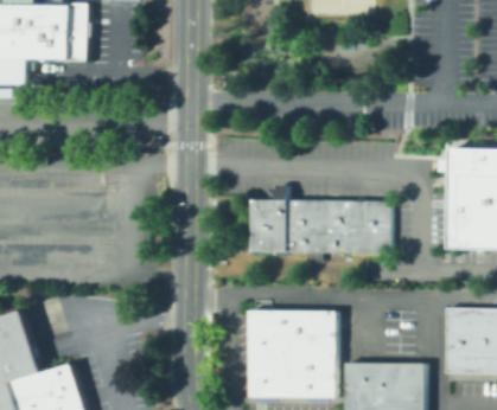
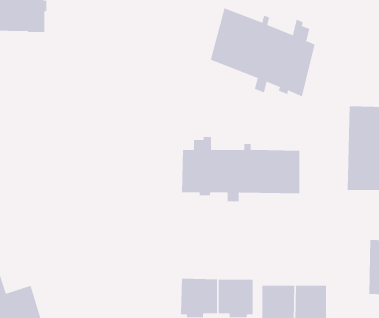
building: none -> [210,8,315,97]
building: [249,301,336,355] -> none
building: [444,308,474,373] -> none

